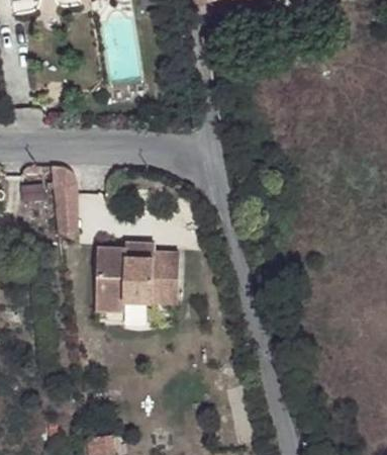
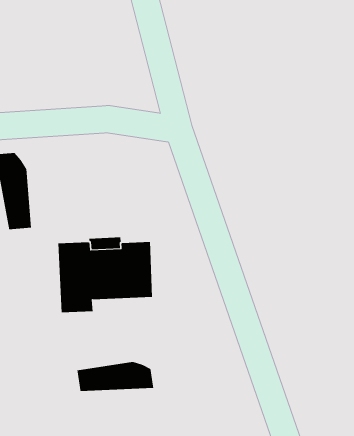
building: none -> [77,361,154,392]

